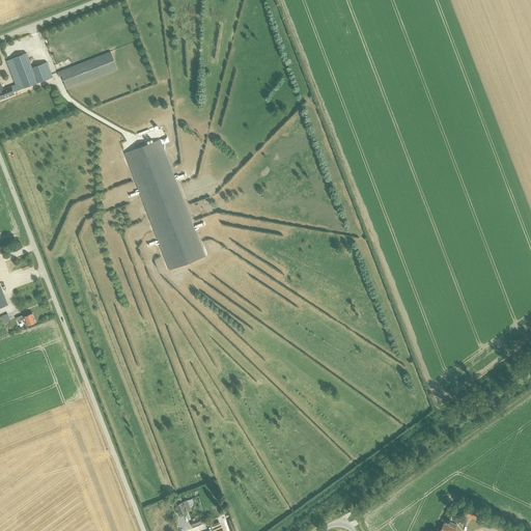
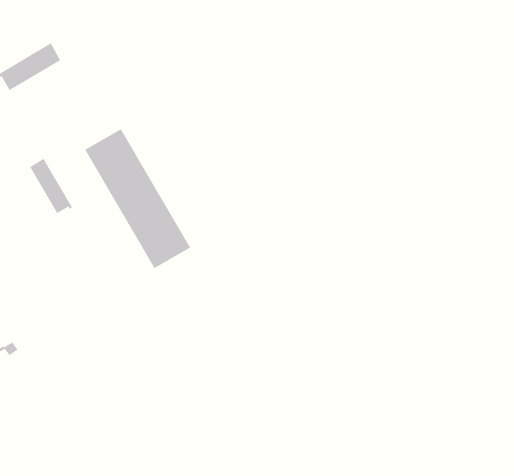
building: none -> [29,158,73,214]

